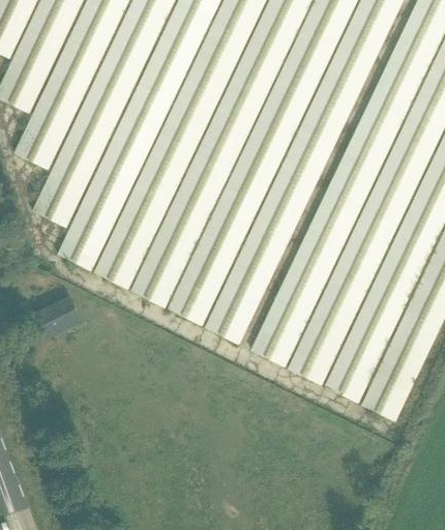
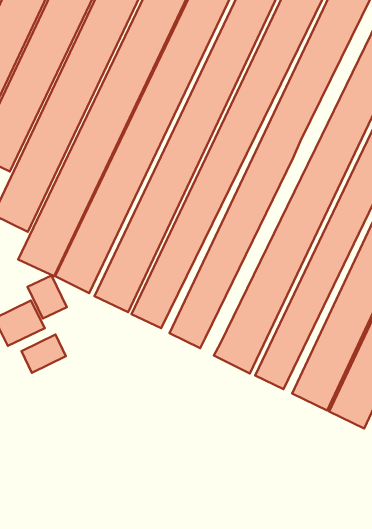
building: none -> [27,275,67,318]
building: none -> [21,335,66,373]

